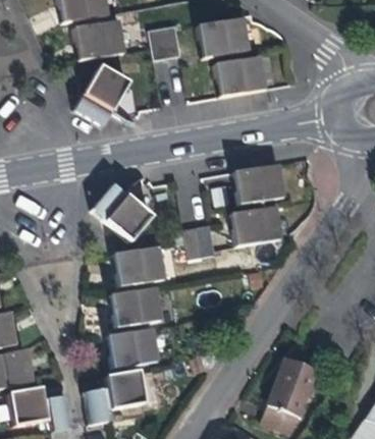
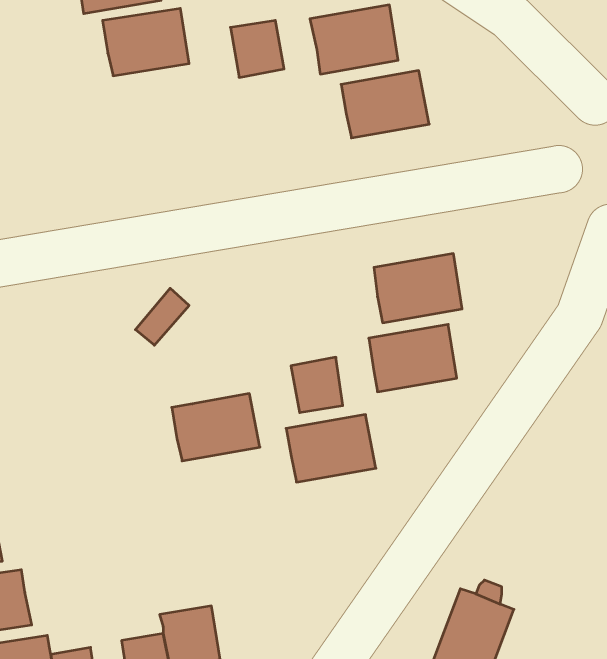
building: [74,66,126,124] -> none
building: [104,195,151,240] -> none
building: [110,287,163,327] -> [286,415,376,482]
building: [107,328,159,369] -> none

